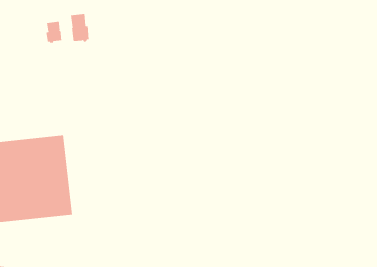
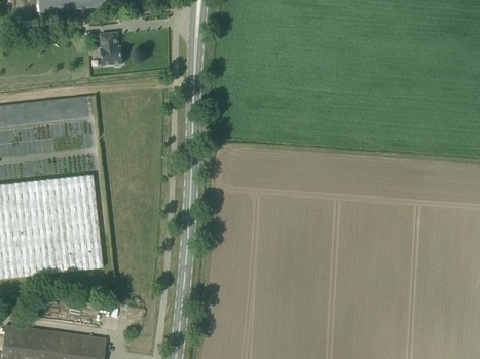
building: [46,21,62,43] -> none

